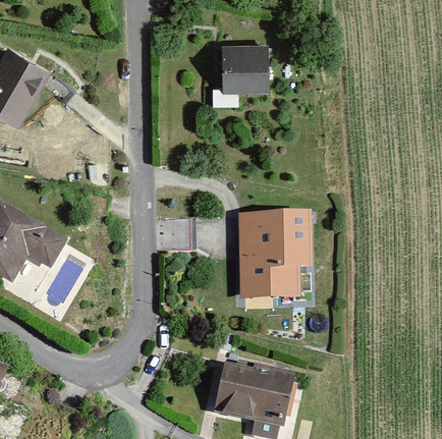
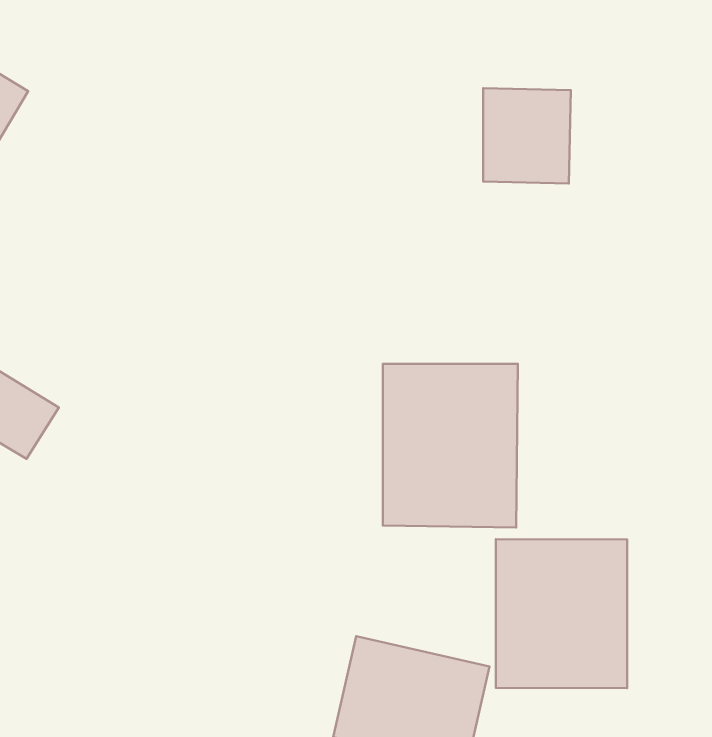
building: [220,41,267,92] -> [483,88,571,184]
building: none -> [496,539,627,688]

